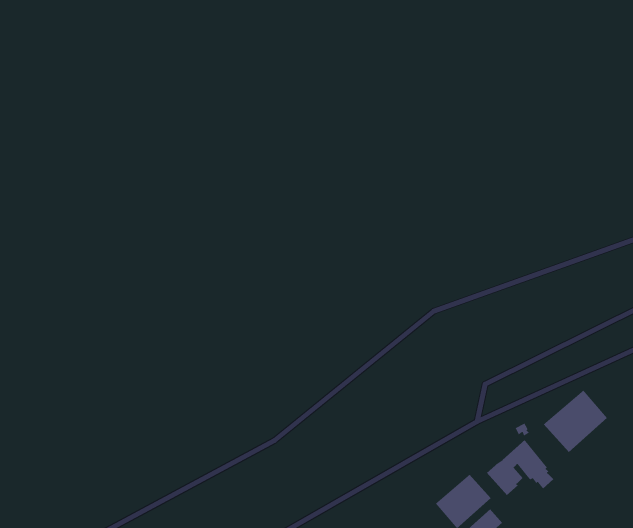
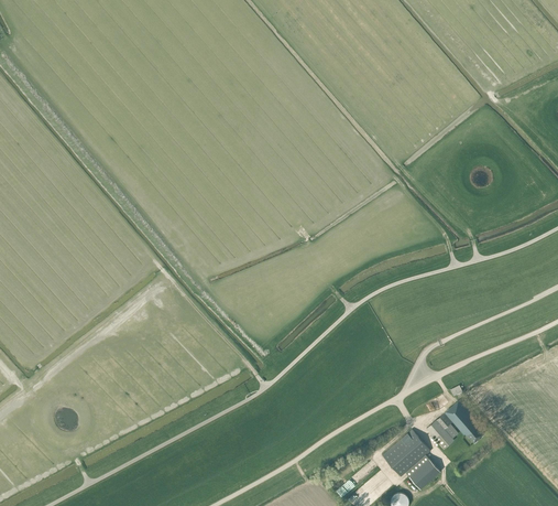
building: [543,389,608,453] -> none

